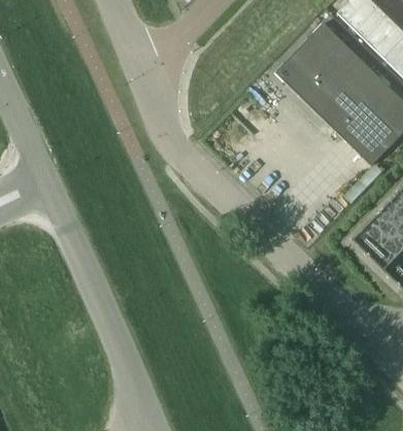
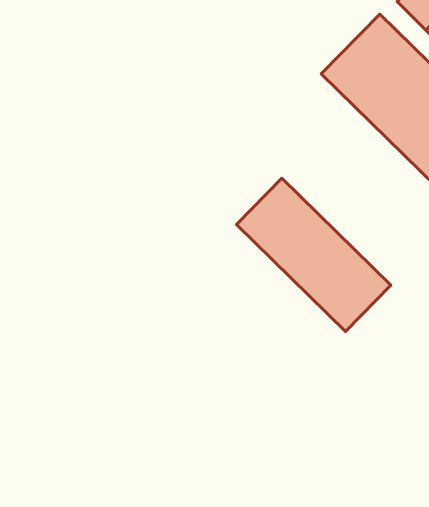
building: none -> [237,178,391,331]

